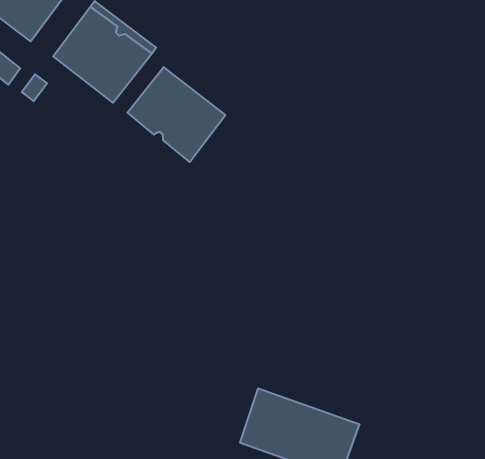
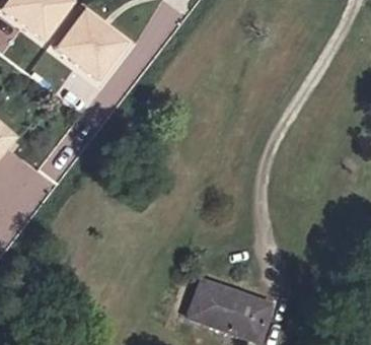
building: [127,67,225,162] -> none

